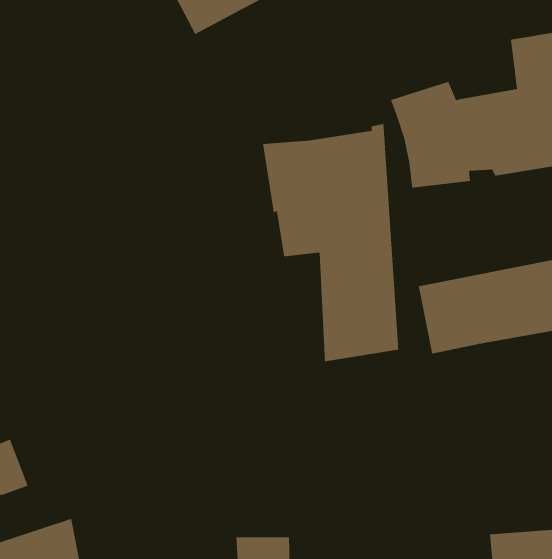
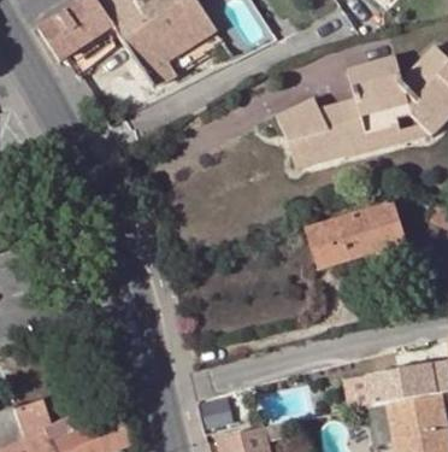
building: [262,123,399,362] -> none

